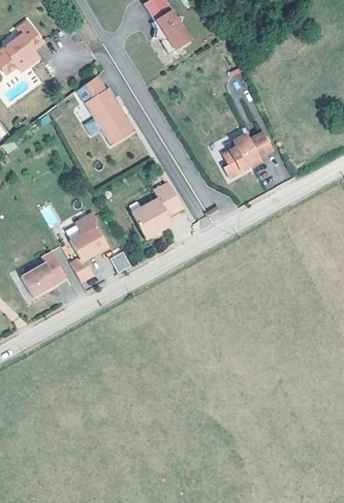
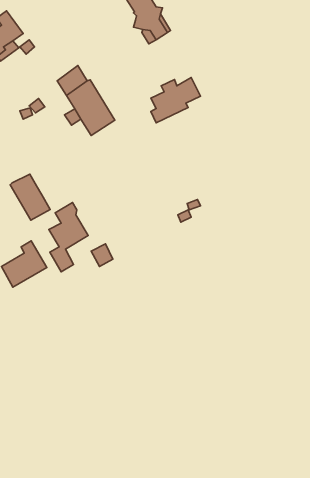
building: [225,130,275,176] -> [151,77,200,123]
building: [129,181,182,237] -> none
building: none -> [10,174,50,220]

